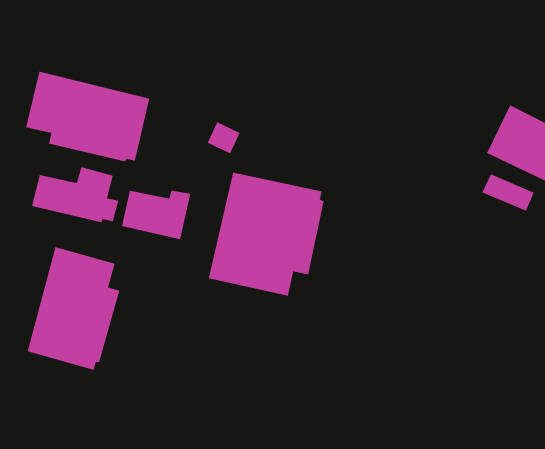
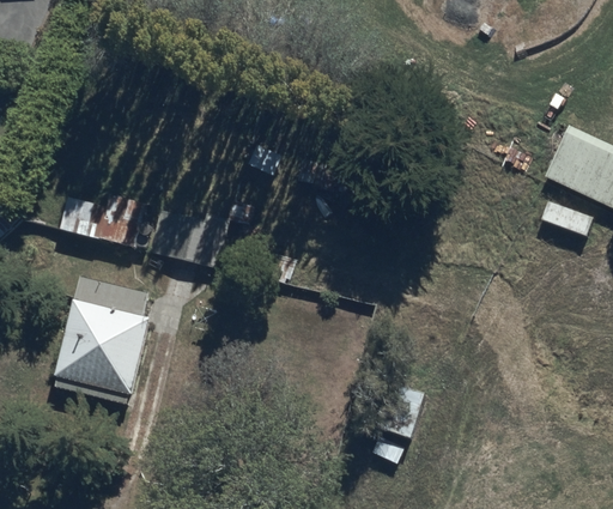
building: [26,71,150,162] -> none
building: [208,172,324,296] -> none

